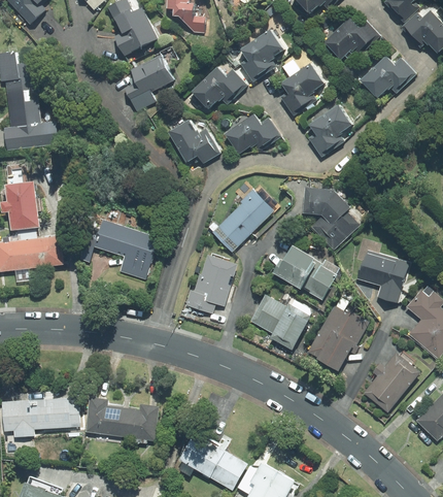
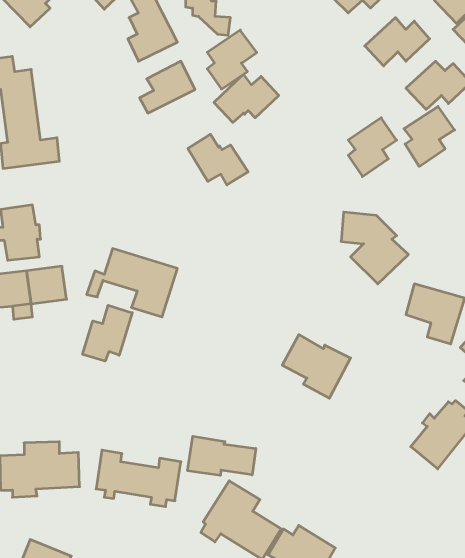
building: [240,30,283,81] -> [207,30,257,89]
building: [279,63,323,115] -> [404,106,455,166]
building: [225,114,281,154] -> none
building: [208,181,279,253] -> none
building: [272,246,339,301] -> none
building: [185,256,236,313] -> none
building: none -> [83,305,132,361]
building: [309,297,370,370] -> none
building: none -> [188,436,256,475]

